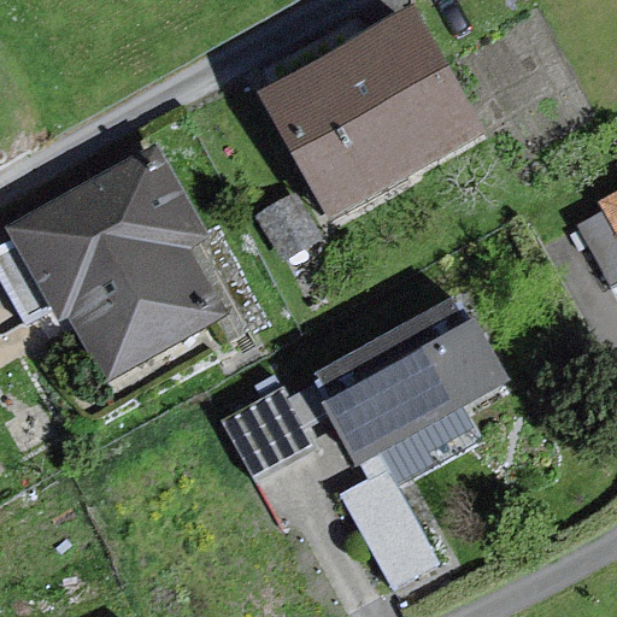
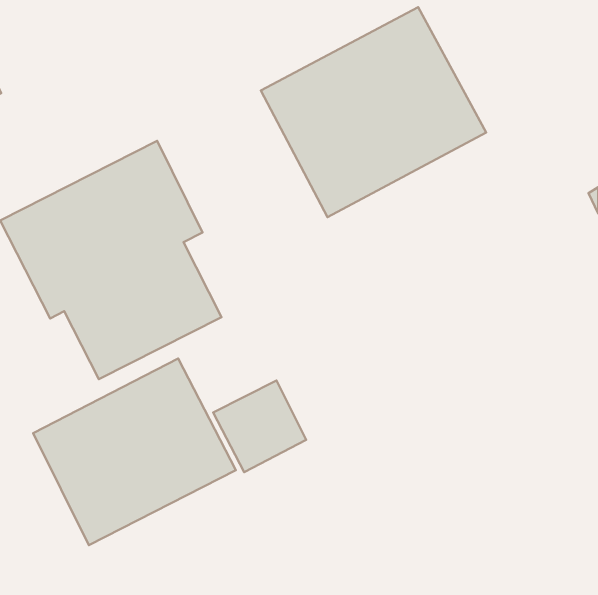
building: [310,294,510,587] -> none
building: none -> [33,359,236,545]

